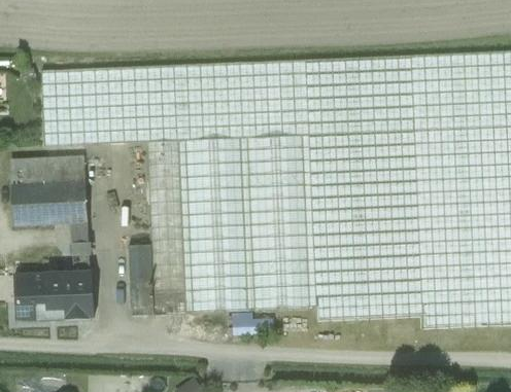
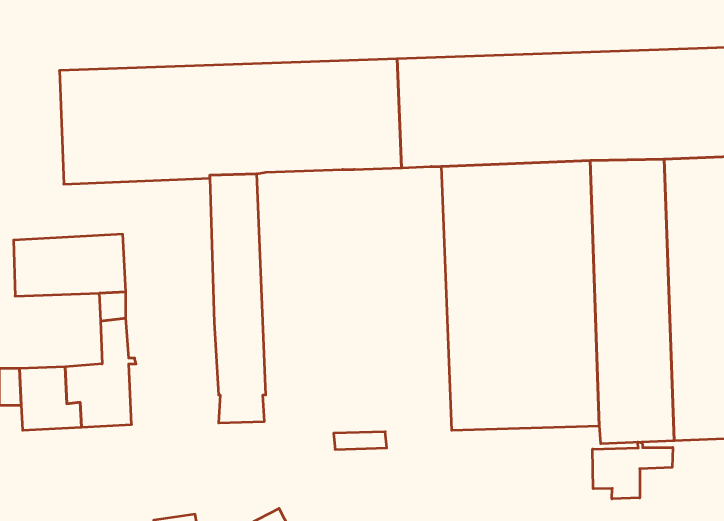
building: [250,136,310,313] -> none
building: [189,138,248,316] -> none
building: [10,156,89,187] -> none
building: [130,245,157,316] -> none
building: none -> [593,442,673,499]

